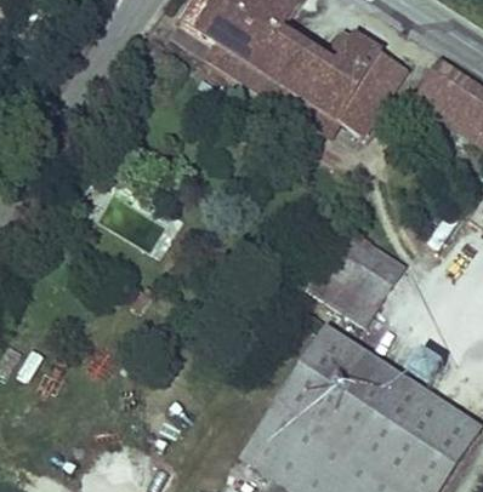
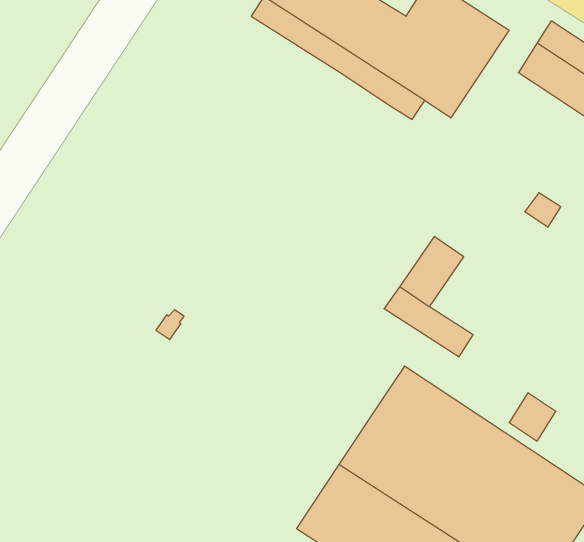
building: [345,245,404,305] -> none

